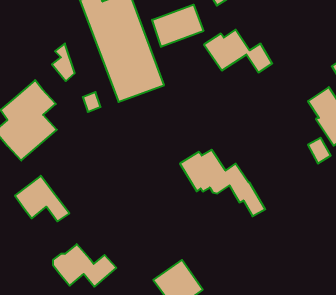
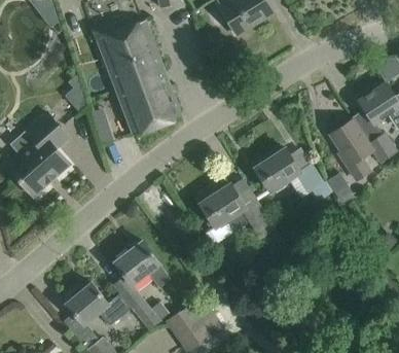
building: [152,5,203,47] -> none
building: [204,30,272,72] -> [252,148,323,192]
building: [15,176,69,221] -> [115,241,172,288]
building: none -> [133,299,169,329]

